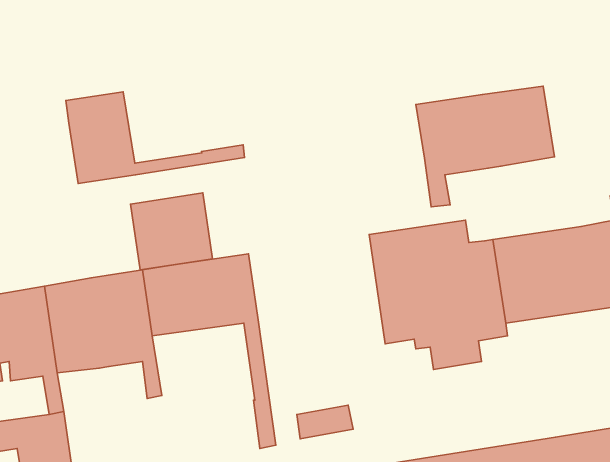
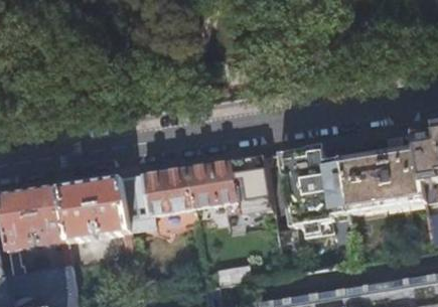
building: [416,86,555,207] -> none
building: [66,92,244,184] -> none
building: [130,193,212,270] -> [189,161,241,209]
building: none -> [240,156,270,194]

